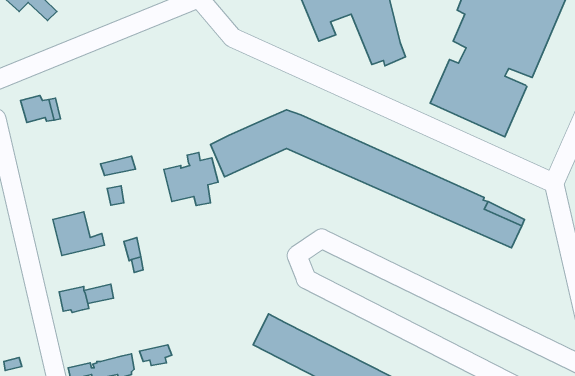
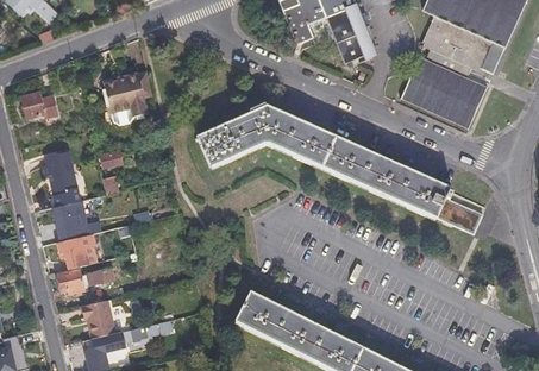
building: [164,153,218,206] -> [104,65,153,114]
building: none -> [43,150,77,193]
building: none -> [56,232,95,269]
building: none -> [83,298,115,337]

